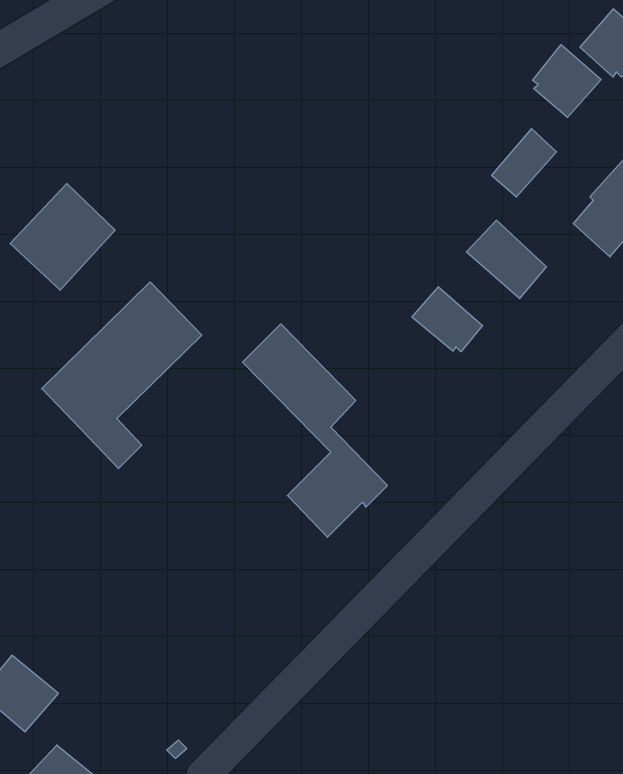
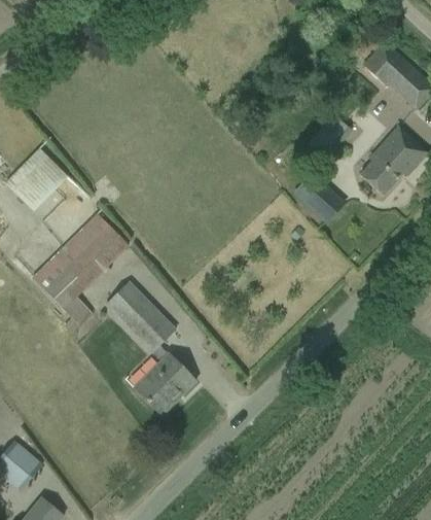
building: [533,45,601,117] -> none
building: [412,287,483,352] -> none
building: [243,324,387,537] -> [106,281,195,413]

